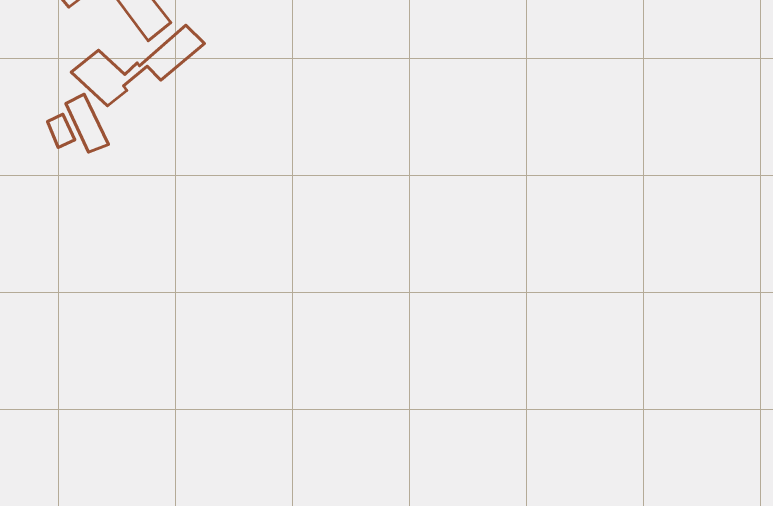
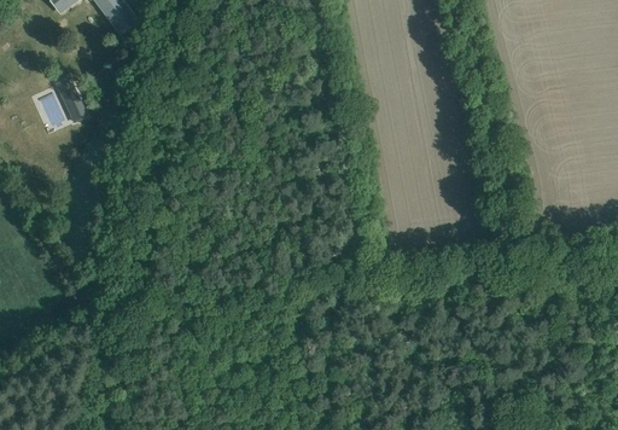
building: [71,25,204,106] -> none

